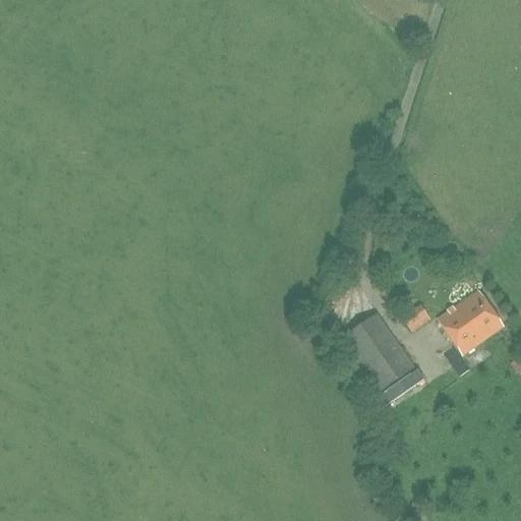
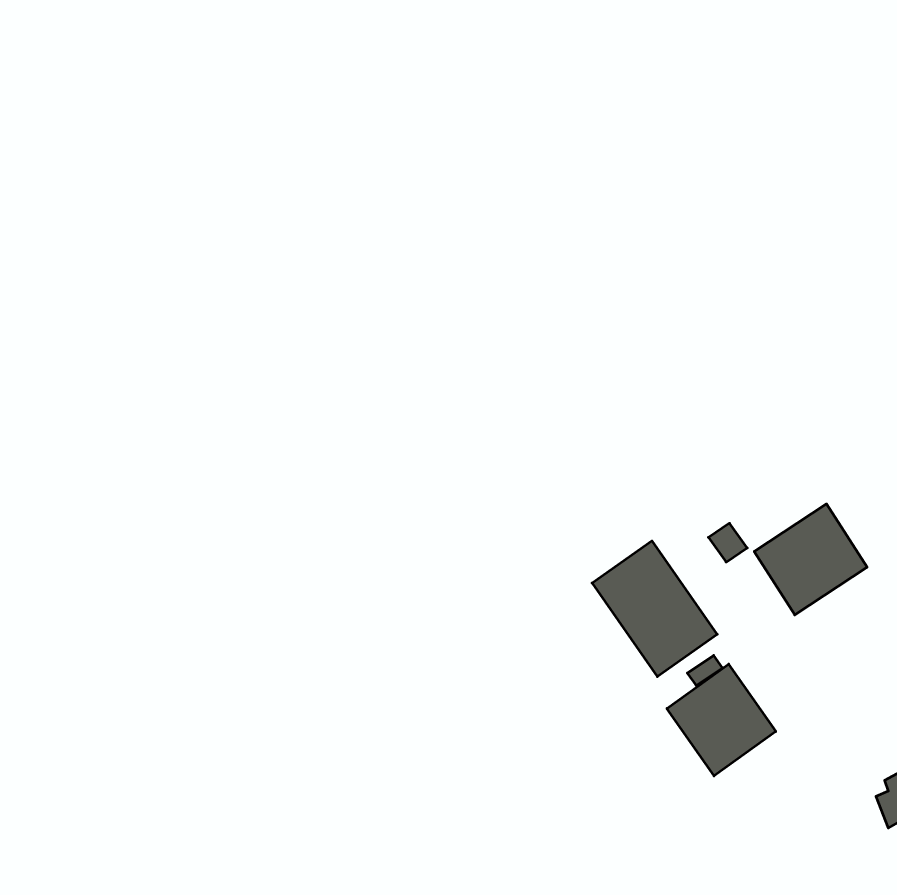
building: none -> [667,664,776,776]

